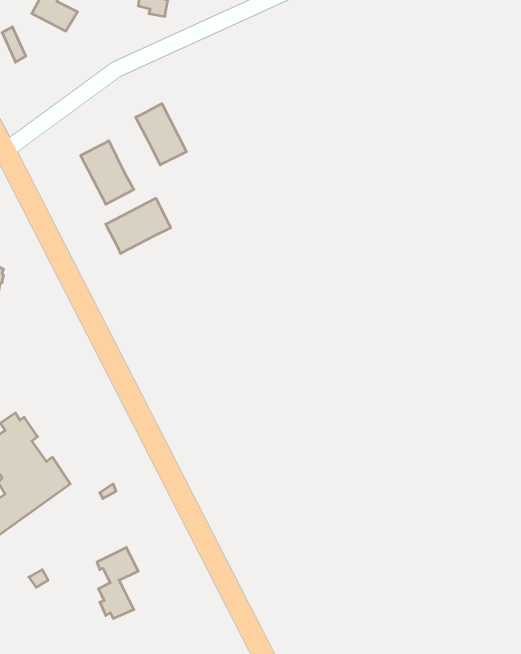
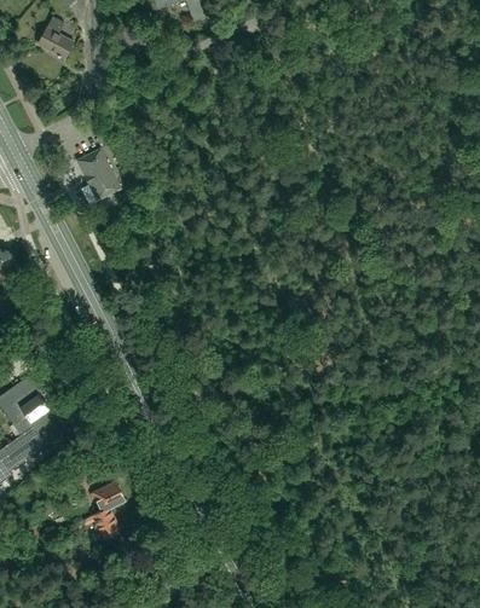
building: [136,104,187,165] -> none
building: [106,198,171,254] -> none

